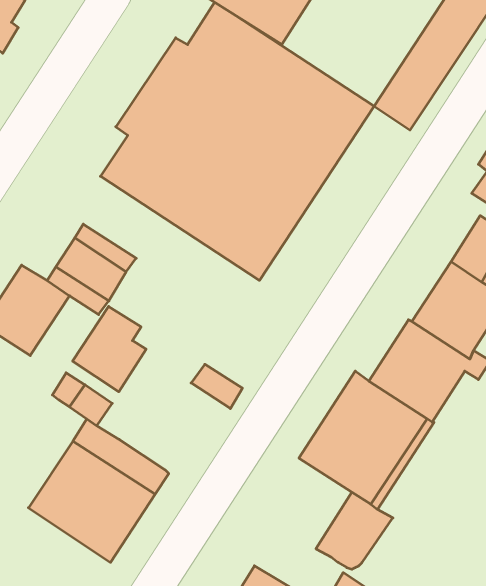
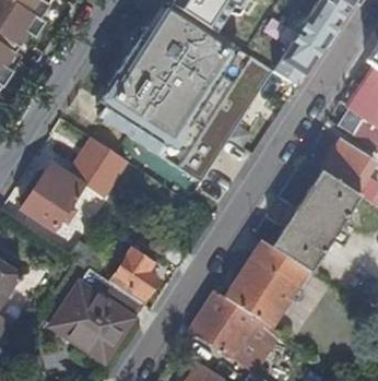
building: [73,306,146,392] -> [109,249,156,303]
building: none -> [192,290,258,354]

